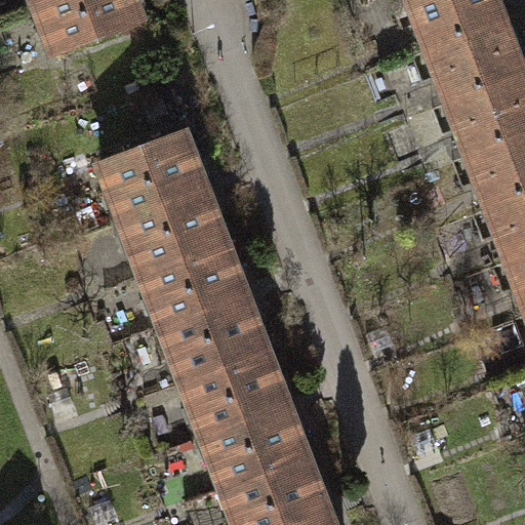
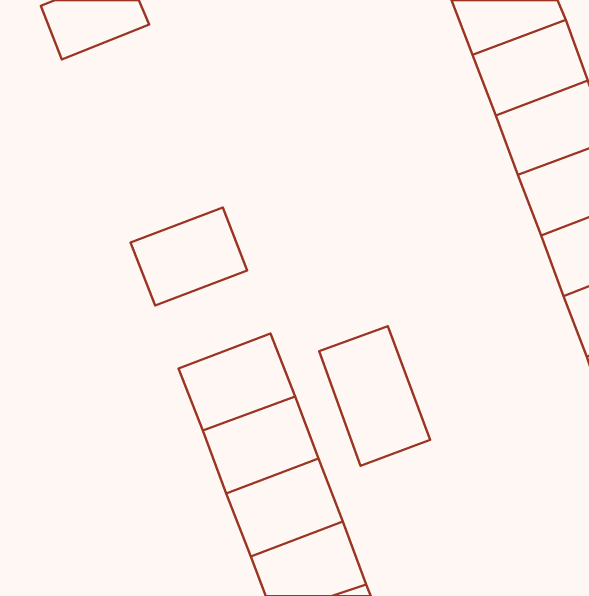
building: [100,127,202,213] -> none
building: [143,238,244,324] -> none
building: none -> [319,326,430,466]

